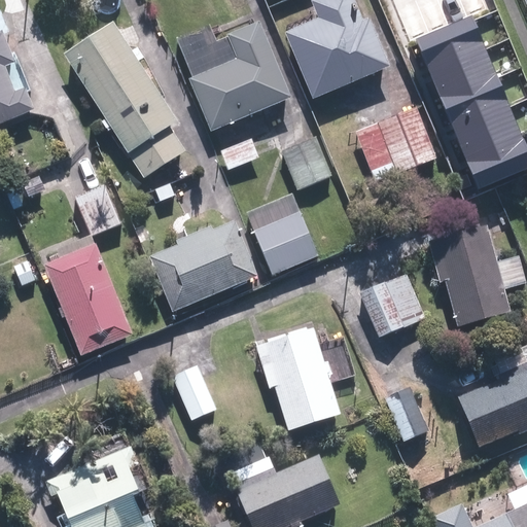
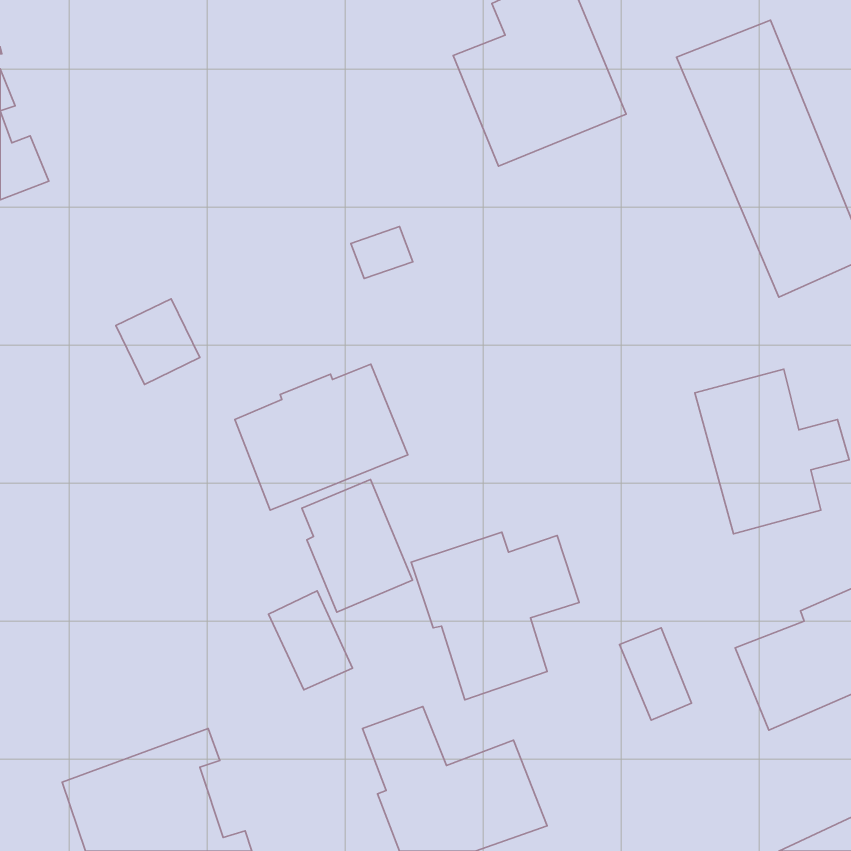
building: [178,21,289,130] -> none
building: [60,25,185,181] -> none
building: [352,111,429,184] -> none
building: [280,133,335,189] -> none
building: [251,194,319,275] -> [302,480,413,612]
building: [43,247,129,355] -> none
building: [358,273,423,338] -> none

